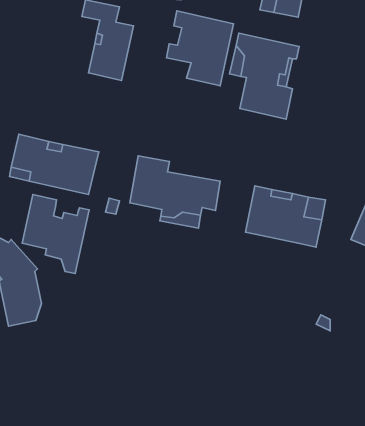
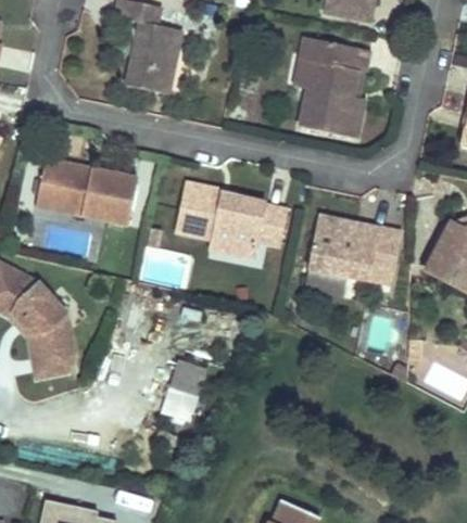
building: [166,11,234,86] -> none
building: [22,194,89,273] -> none
building: none -> [163,360,207,421]

